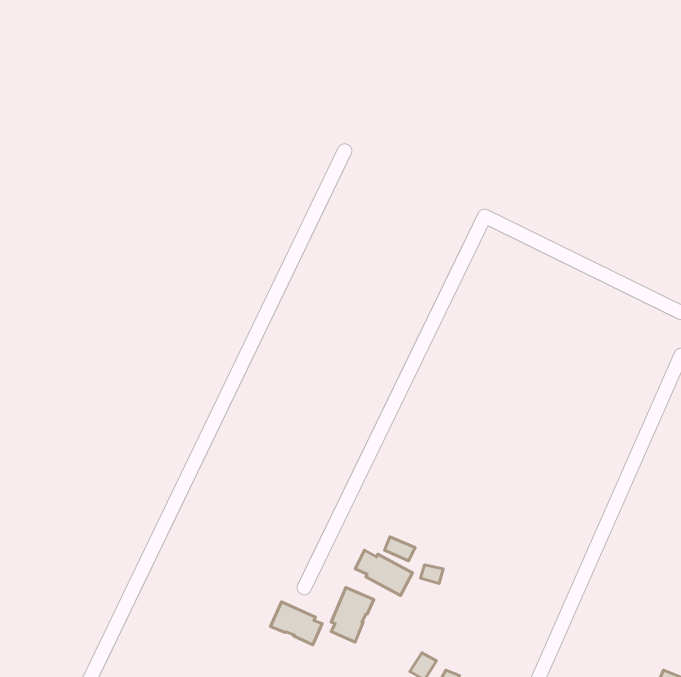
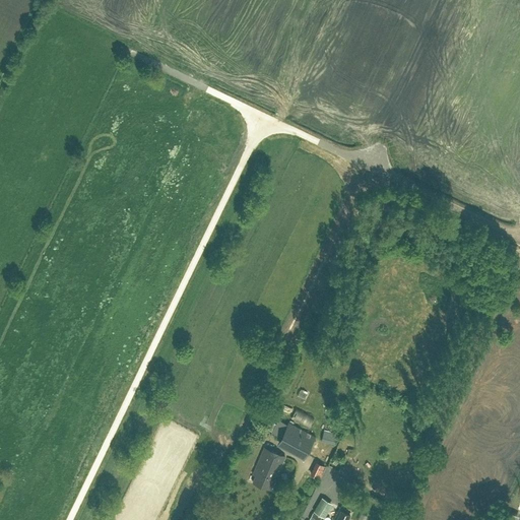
building: [270,602,322,645] -> none

